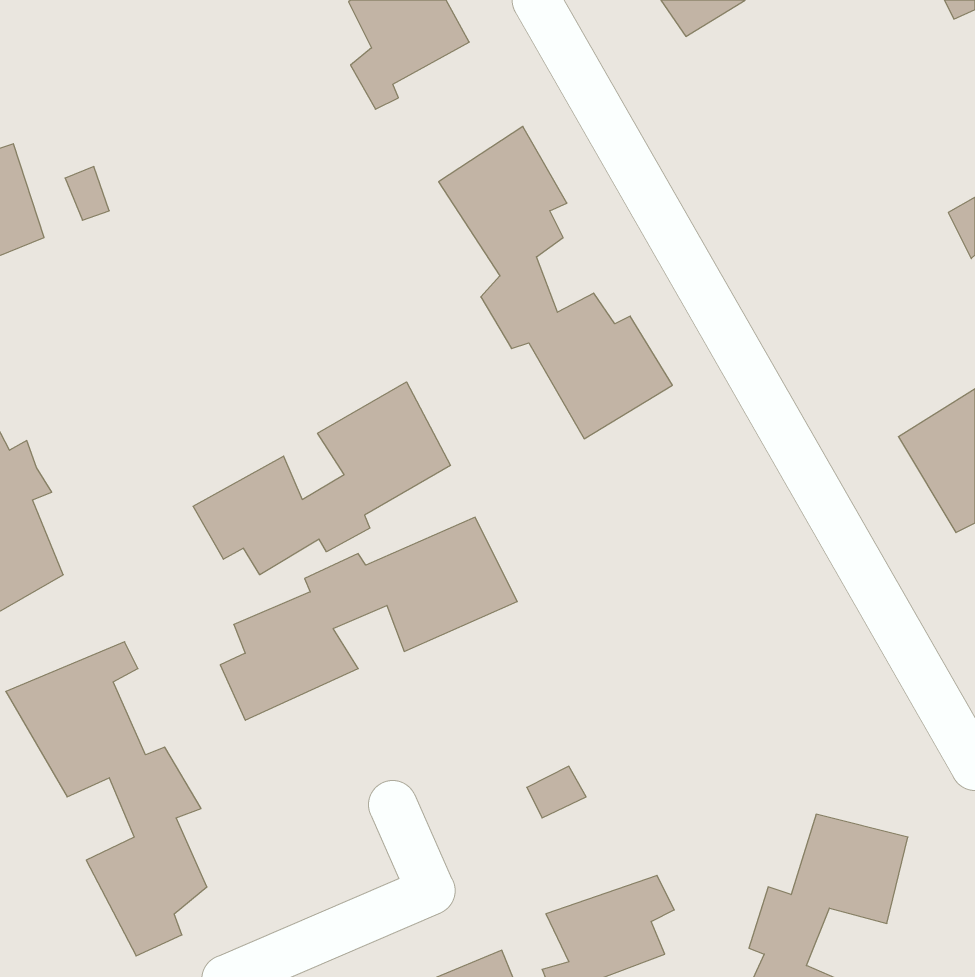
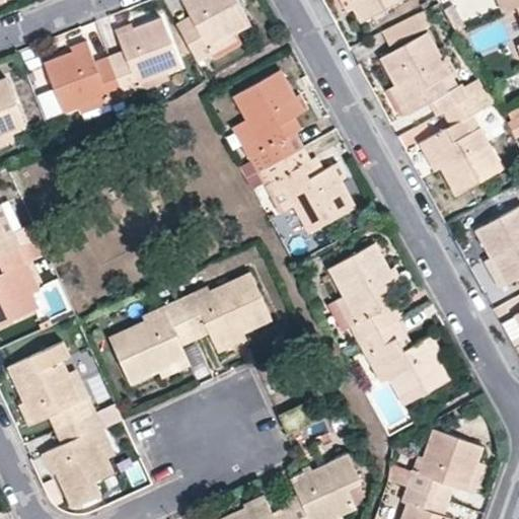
building: none -> [44,19,180,112]
building: none -> [380,31,500,193]
building: [193,382,450,575] -> none
building: none -> [327,241,448,401]

